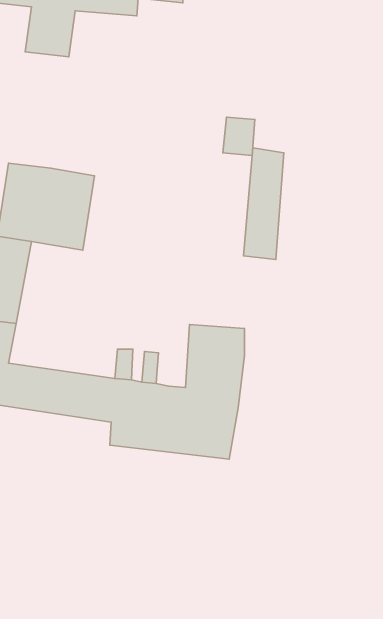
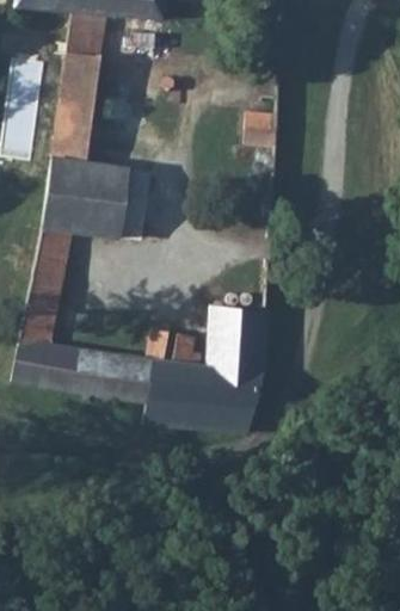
building: none -> [50,55,106,163]
building: [243,148,284,259] -> none

